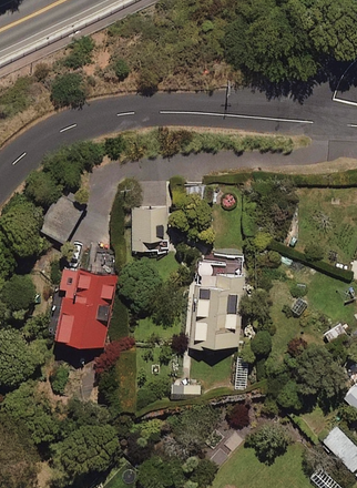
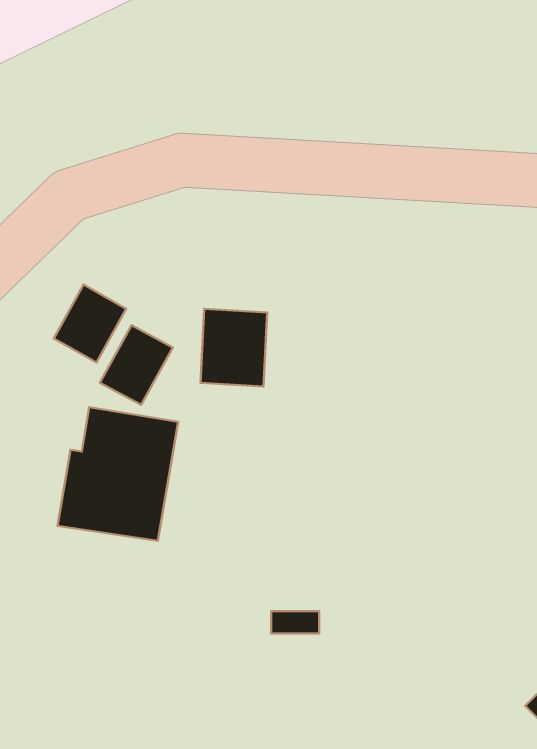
building: none -> [100,325,173,405]
building: [194,258,244,348] -> none

